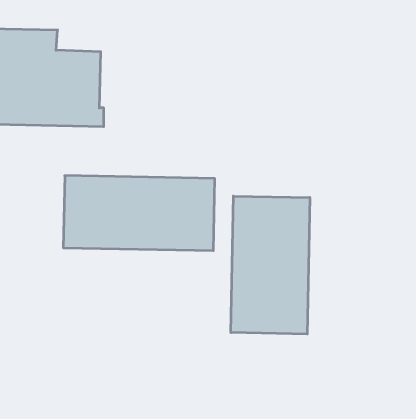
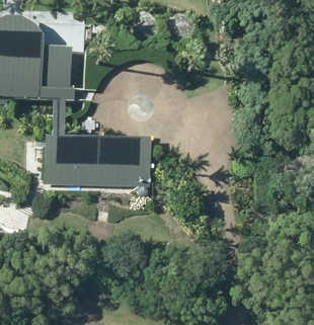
building: [231,196,310,334] -> none

